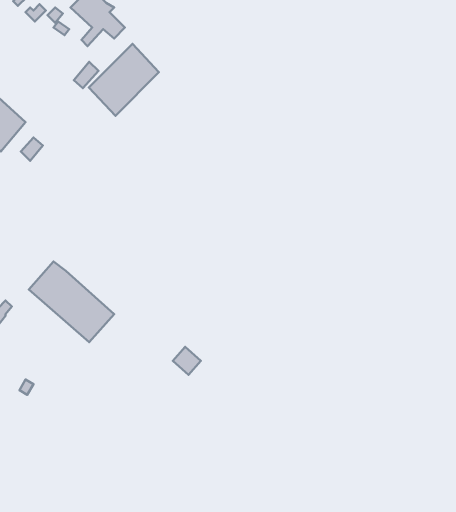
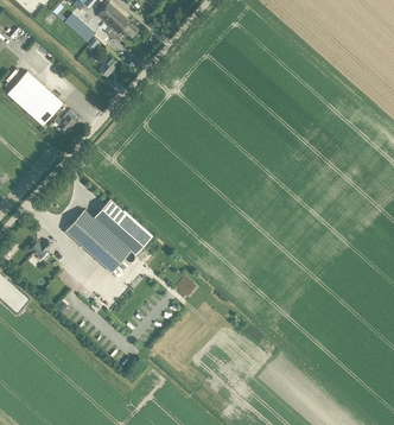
building: [89,44,159,116] -> none
building: none -> [93,198,150,253]

